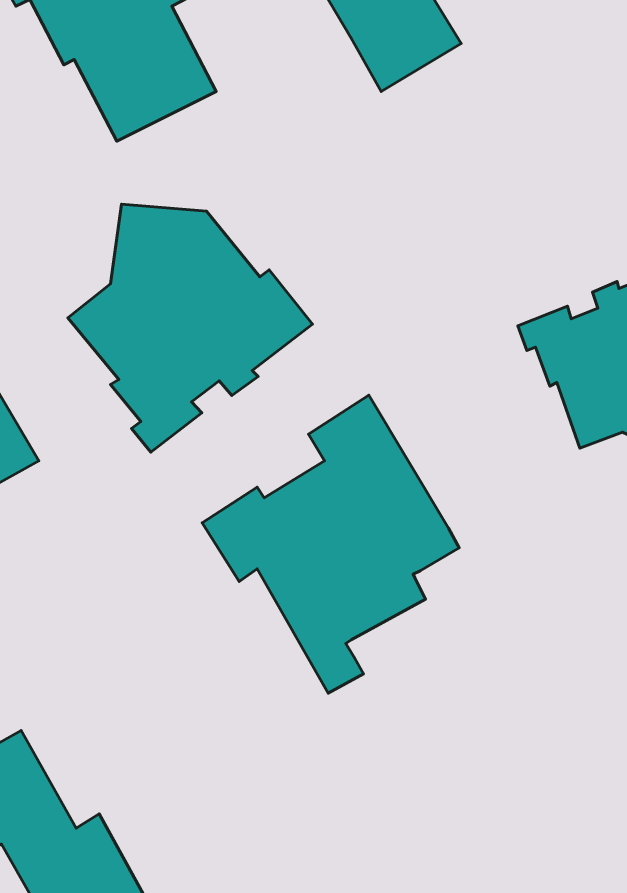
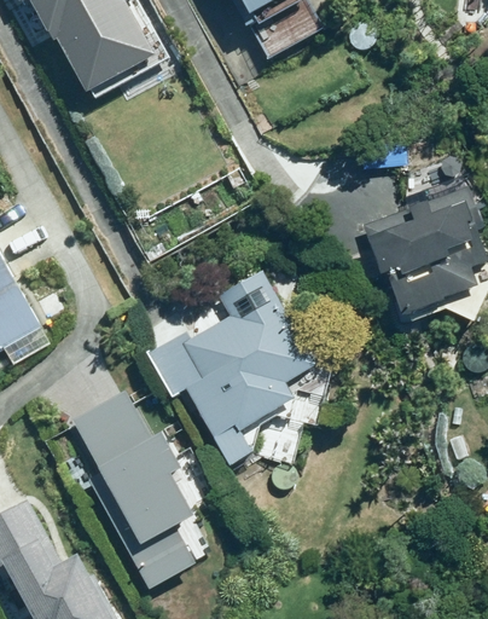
building: [68,204,312,452] -> none
building: none -> [70,389,197,590]

